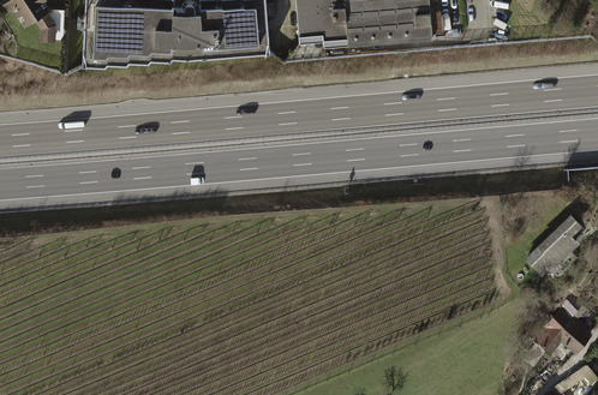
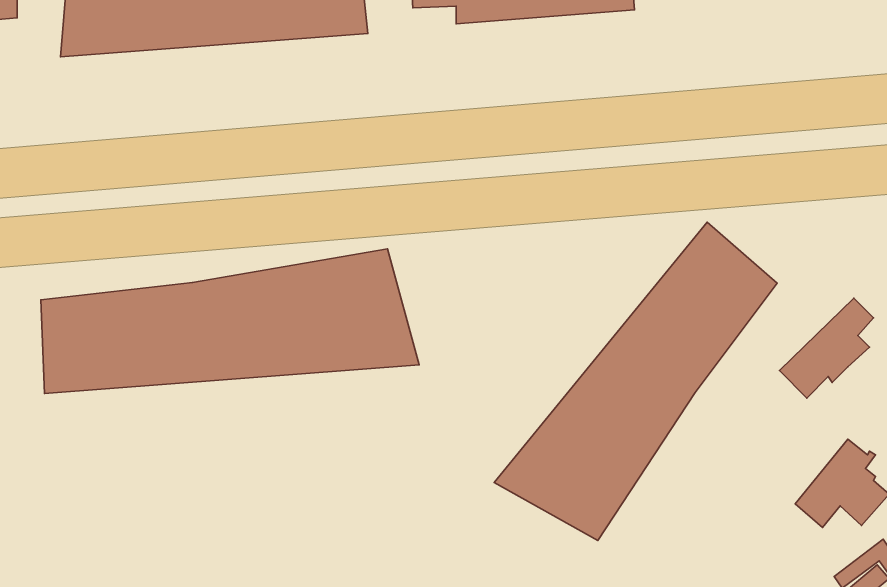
building: none -> [494,222,777,541]
building: none -> [41,249,419,394]

